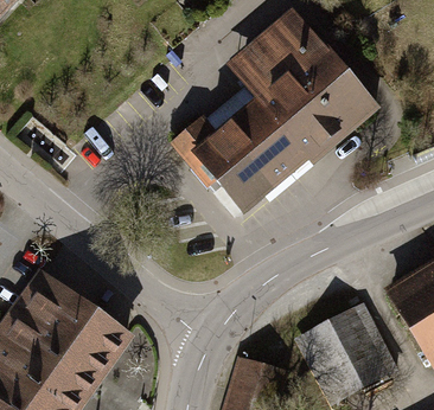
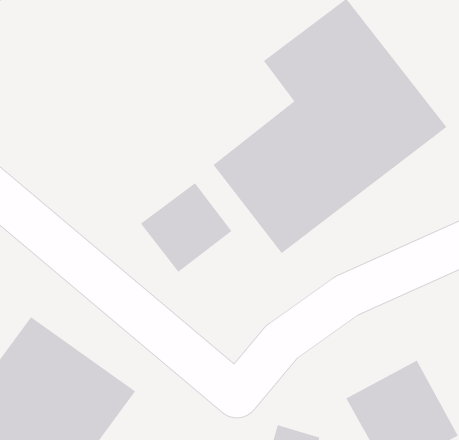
building: none -> [140,182,232,273]

